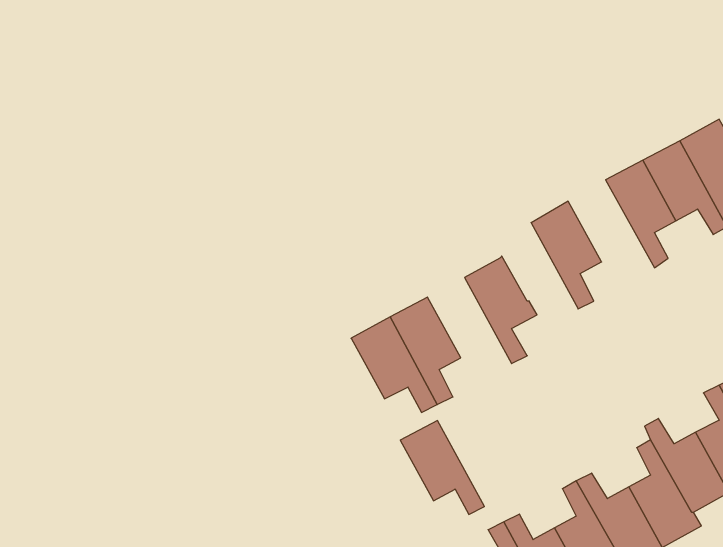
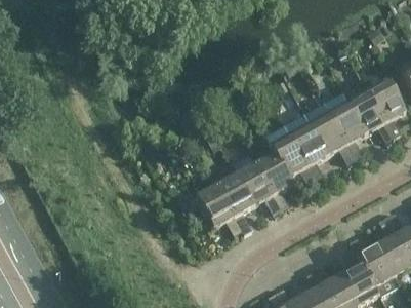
building: none -> [311,111,356,161]
building: none -> [271,133,316,183]
building: [400,421,484,514] -> [237,162,281,211]

